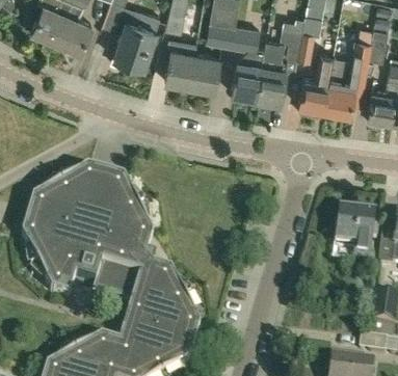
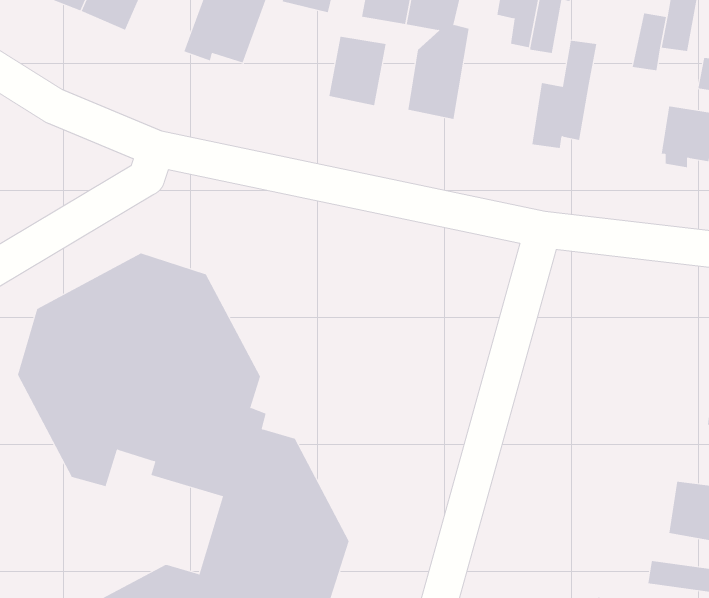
building: [257,43,287,102] -> none
building: [165,49,195,85] -> none
building: [324,79,355,113] -> none
building: [336,209,376,263] -> none

